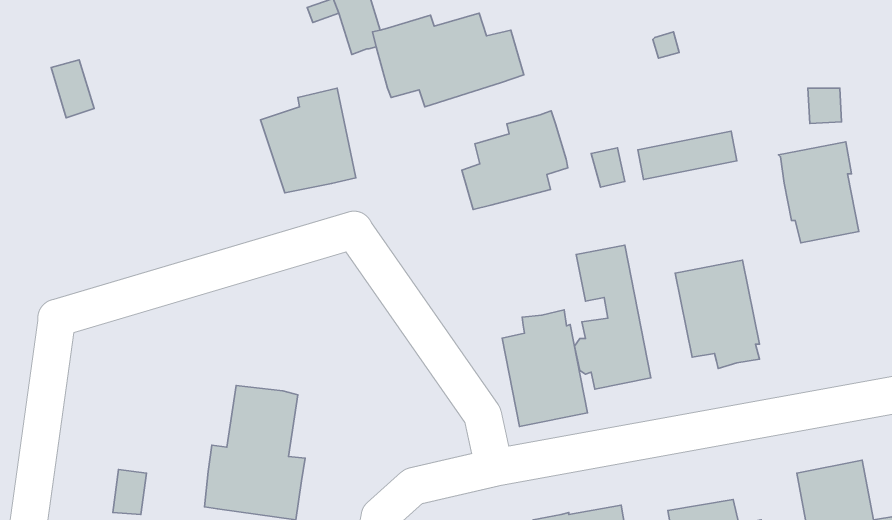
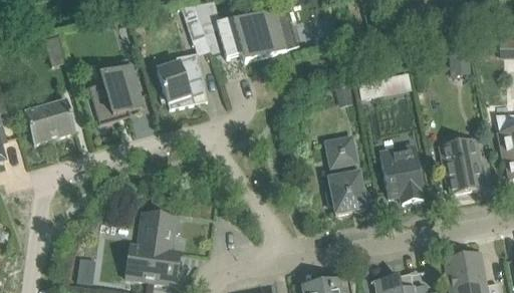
building: none -> [88,56,143,123]
building: [462,111,568,209] -> none
building: [778,142,859,243] -> [440,137,483,192]
building: none -> [25,97,76,142]
building: [502,310,587,427] -> none

